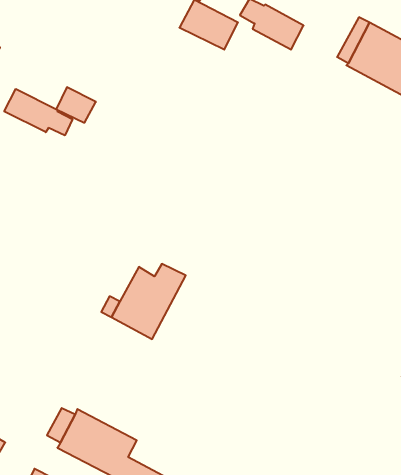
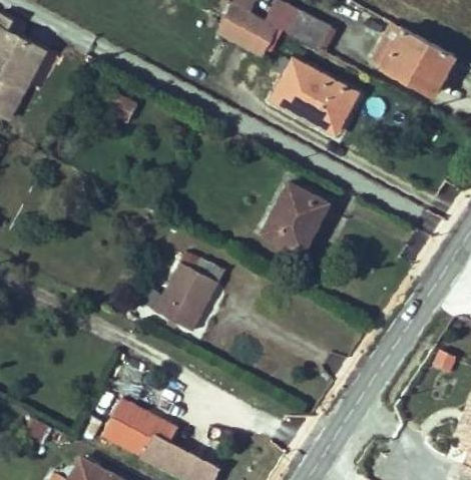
building: none -> [269,56,359,136]
building: [4,89,72,135] -> none
building: none -> [260,179,331,257]

